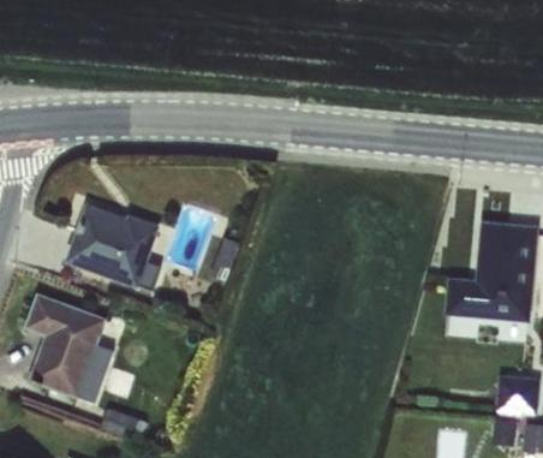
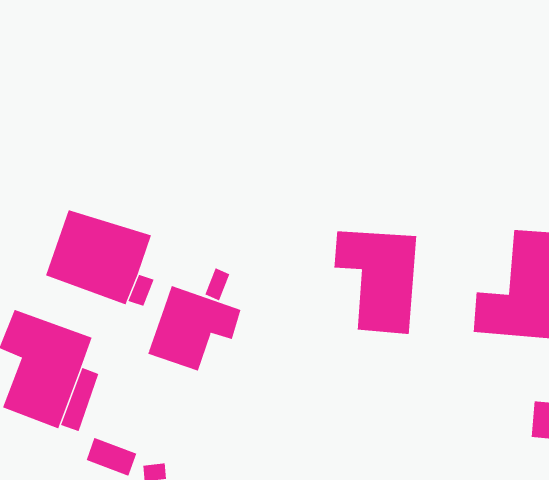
building: none -> [334,230,417,335]
building: none -> [147,285,241,371]

